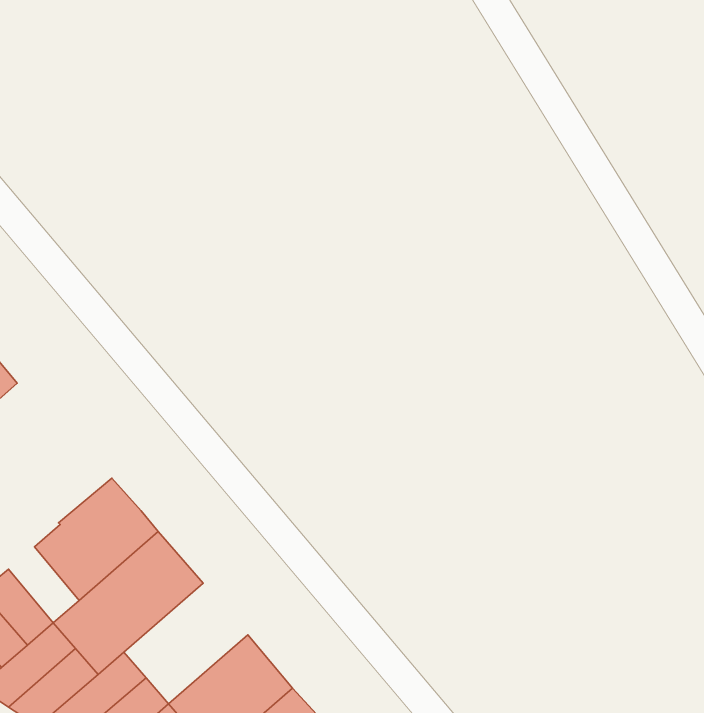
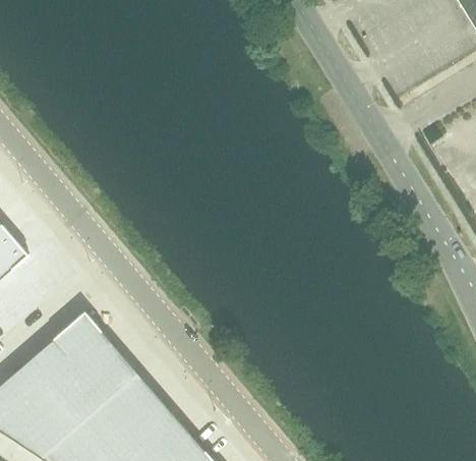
building: none -> [21,353,63,398]
building: none -> [90,374,163,446]

